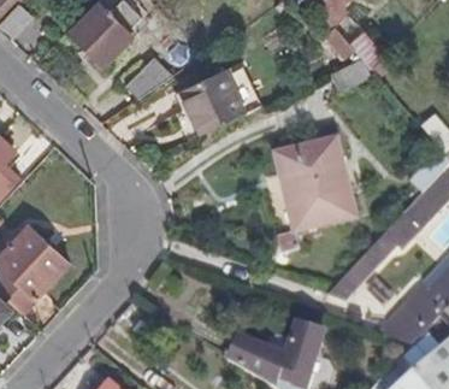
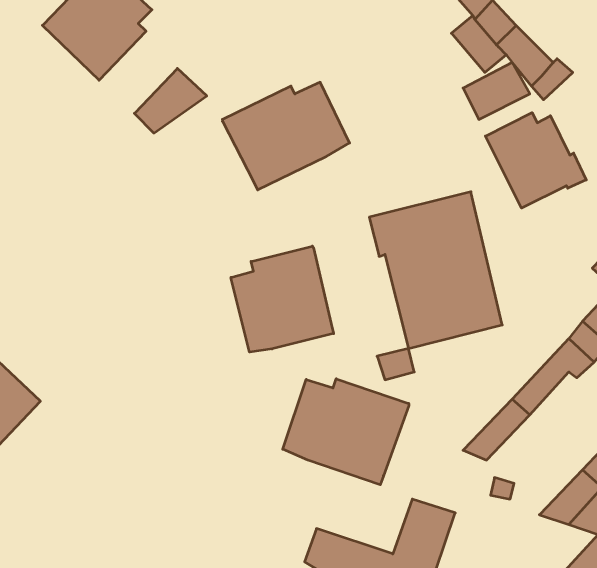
building: none -> [485,113,586,208]
building: none -> [231,246,334,352]
building: none -> [283,379,409,485]

